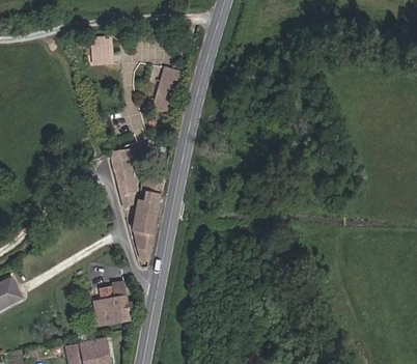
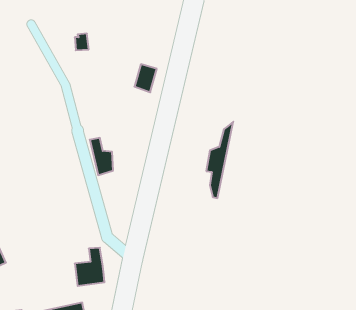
building: [134,174,164,259] -> [206,122,233,198]

